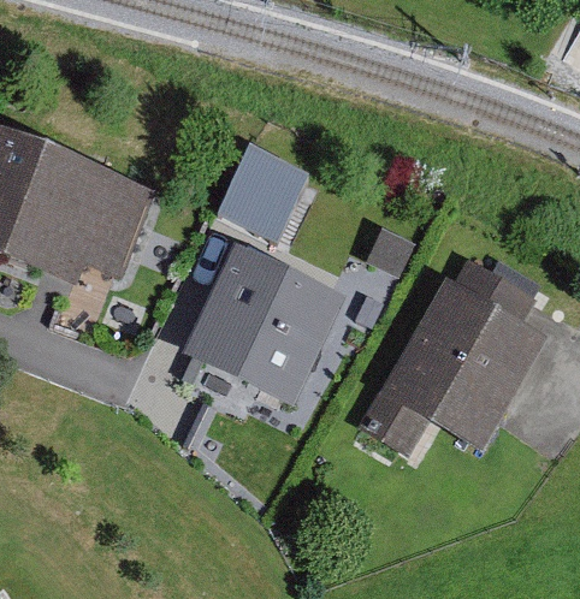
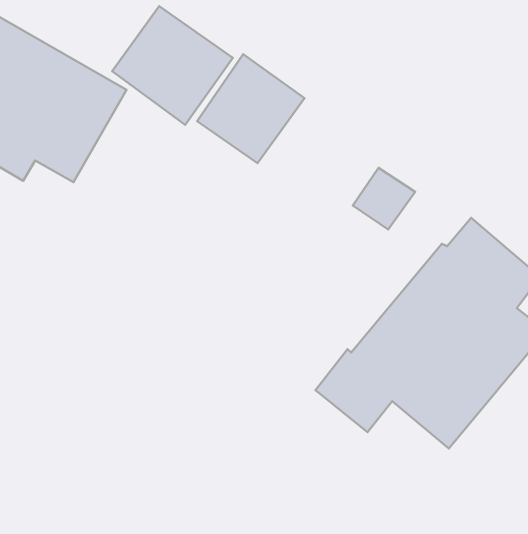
building: none -> [112,6,233,125]
building: [184,243,347,404] -> none

